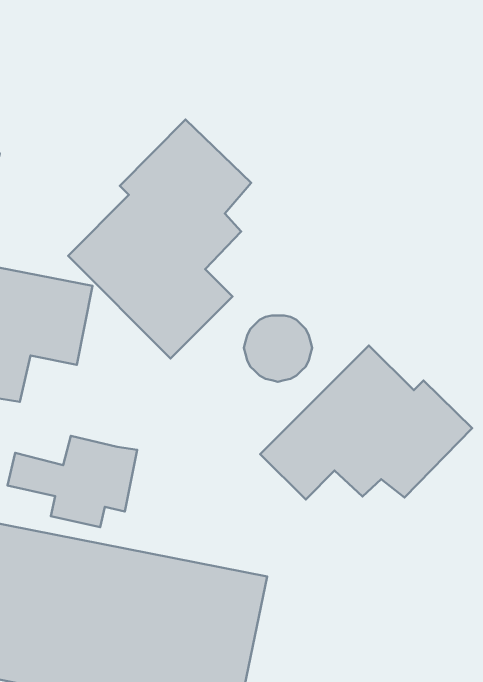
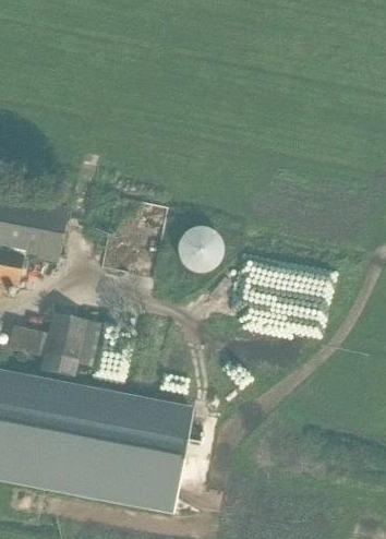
building: [68,119,251,359] -> none
building: [260,346,472,500] -> none

